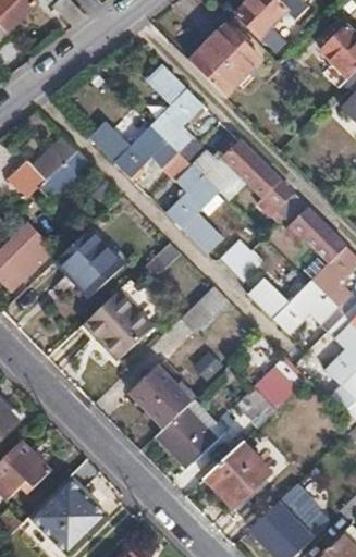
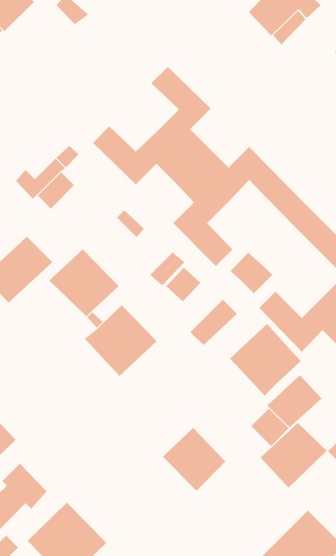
building: [191,27,259,96] -> none
building: none -> [229,323,302,397]
building: [127,363,193,429] -> none
building: [205,444,269,507] -> [260,422,328,489]

